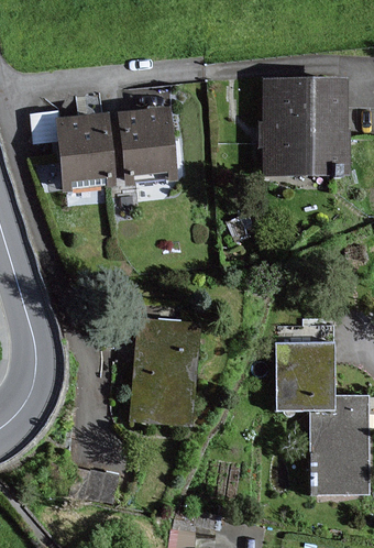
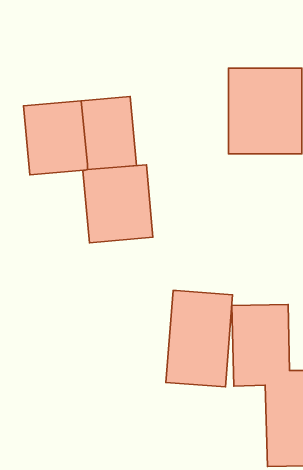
building: none -> [83,165,153,243]
building: [128,321,198,423] -> [166,290,233,387]

